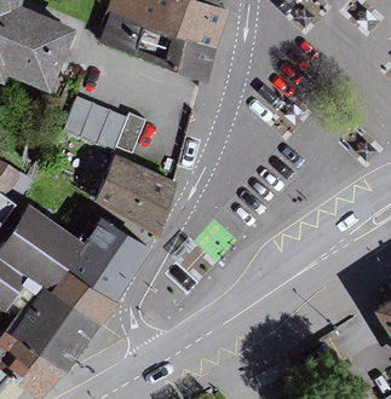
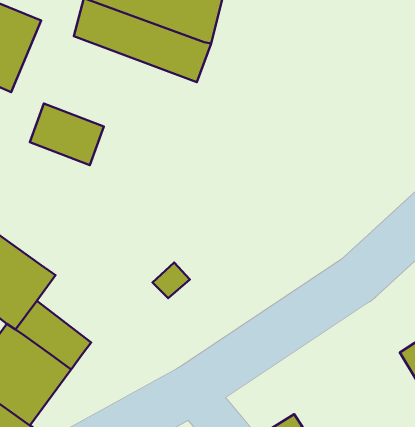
building: [96,156,177,235] -> none
building: [69,219,145,301] -> none

